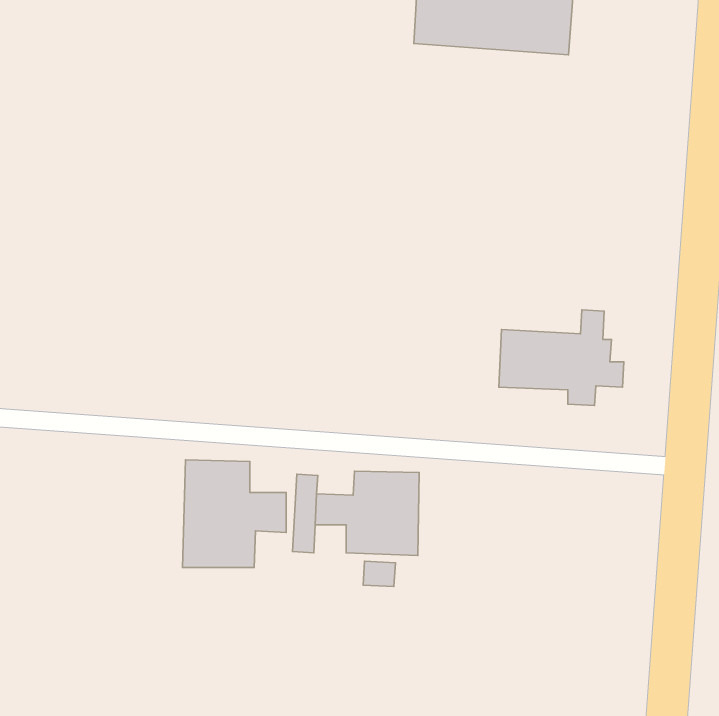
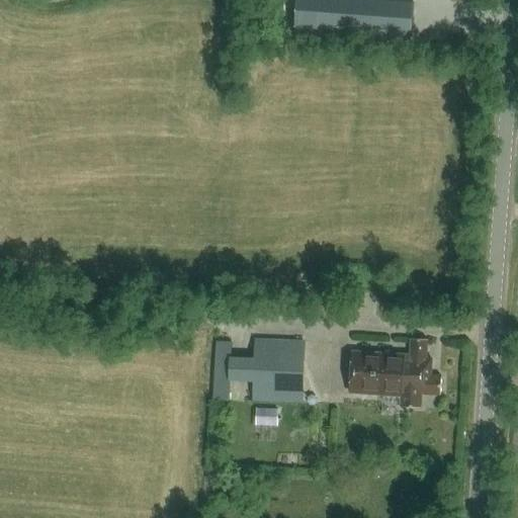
building: [499,310,624,405] -> [351,337,441,406]
building: [183,460,286,567] -> none

